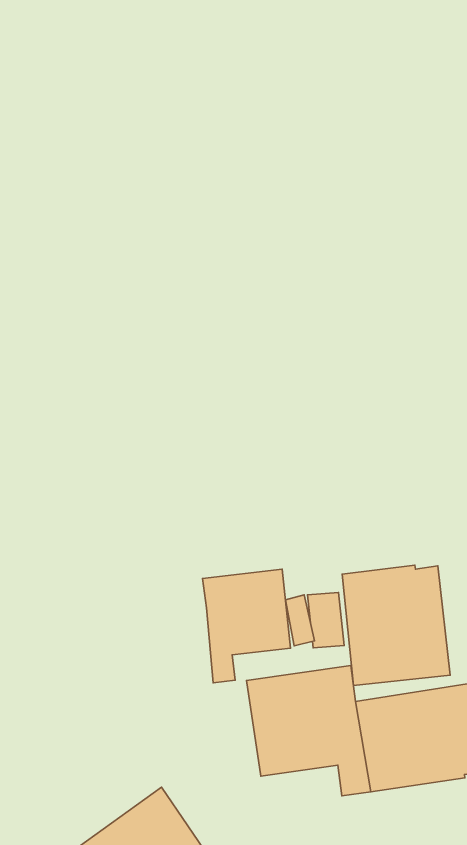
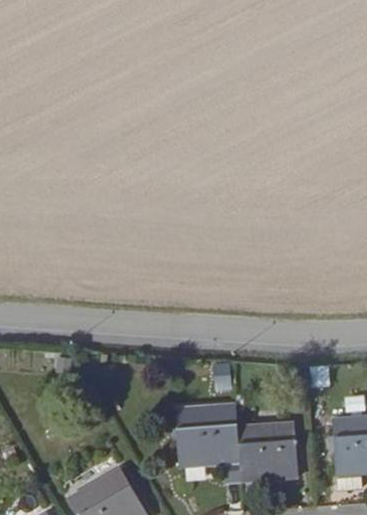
building: [342,565,450,686] -> none
building: [203,569,291,683] -> none

